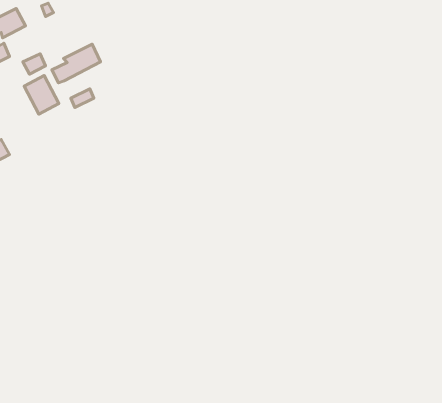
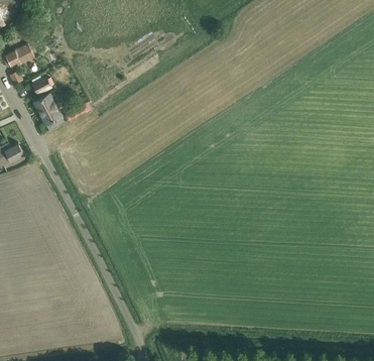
building: [52,44,101,83] -> none

